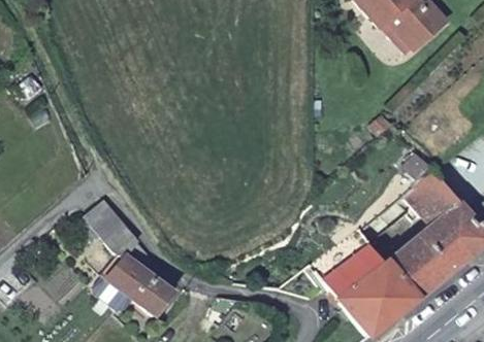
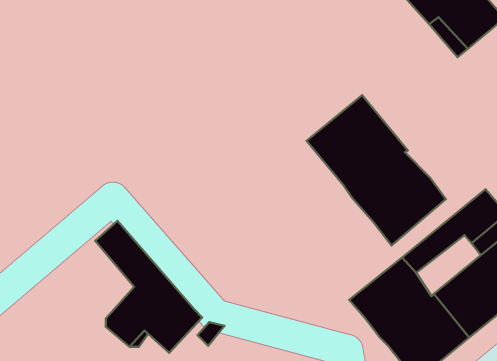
building: none -> [306,95,446,245]

